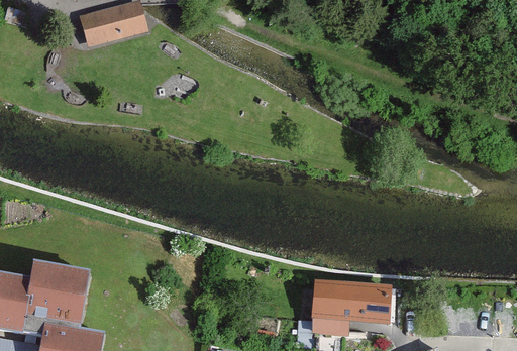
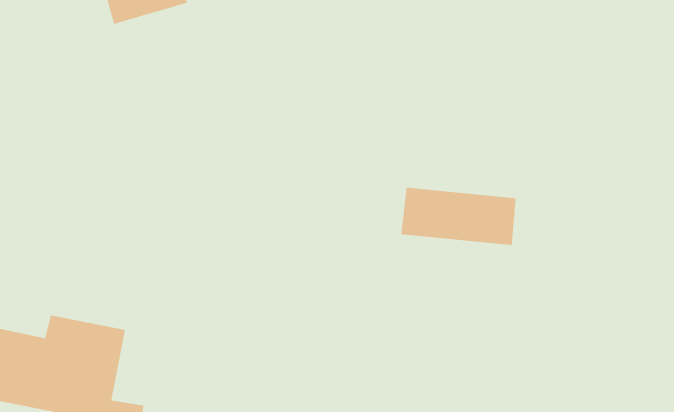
building: [311,282,398,326] -> [400,187,517,245]

